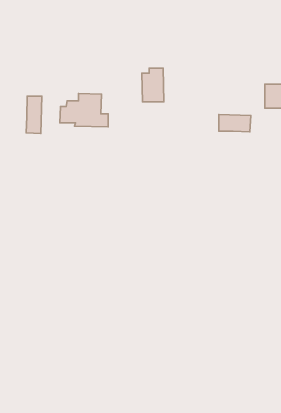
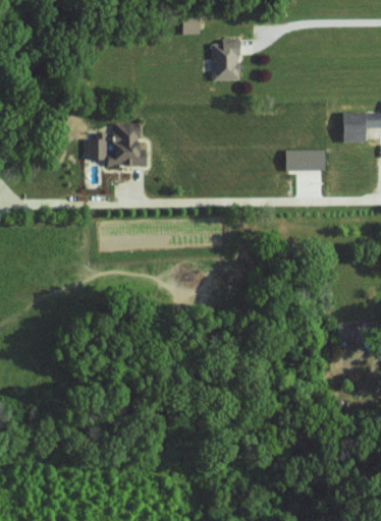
building: [142,68,164,102] -> [212,39,239,80]
building: [26,96,42,134] -> none

